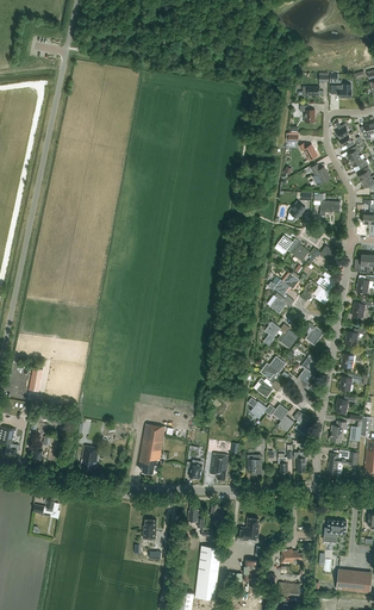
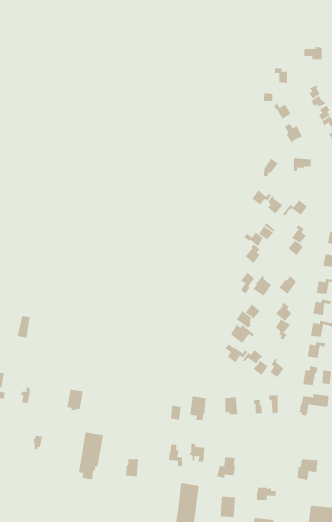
building: [138,423,166,474] -> [78,432,104,480]

